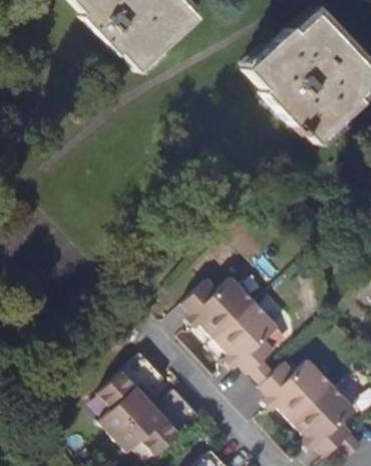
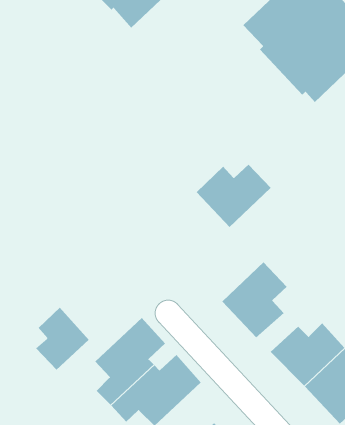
building: [187,276,259,337] -> [196,164,271,228]
building: none -> [35,307,89,371]

